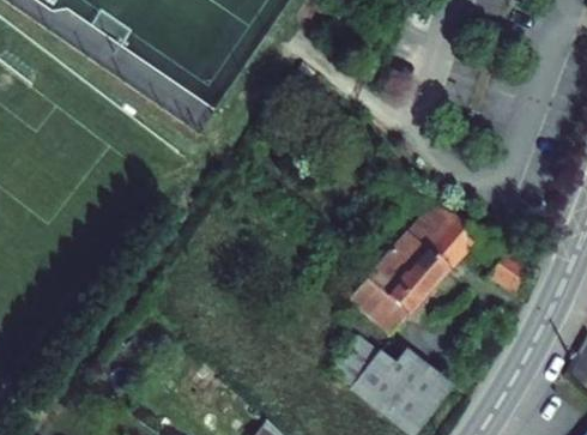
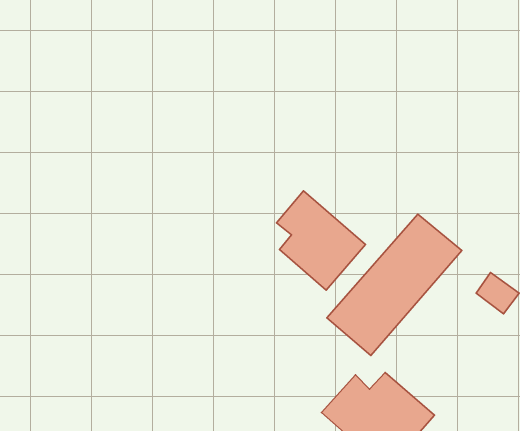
building: none -> [276,191,366,290]

